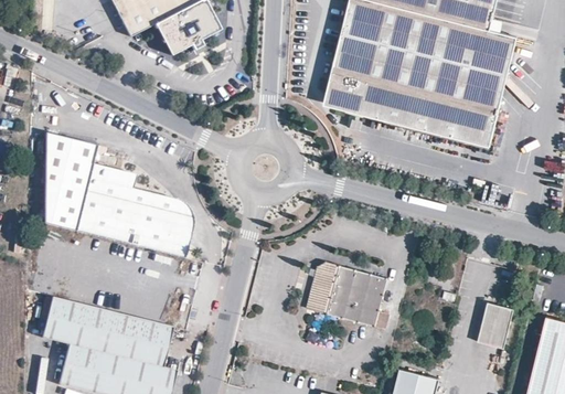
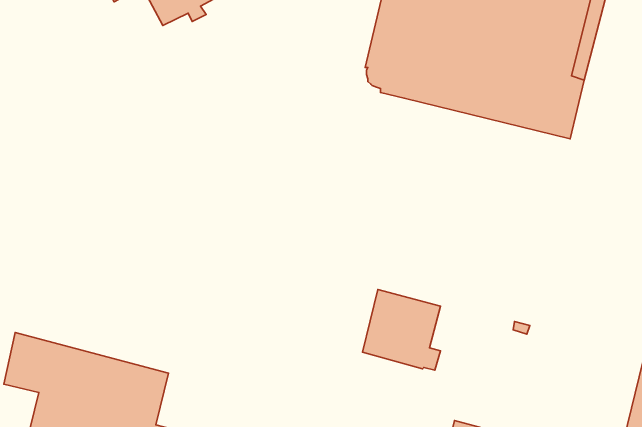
building: [44,135,191,257] -> none
building: [307,259,338,312] -> none
building: [478,300,512,347] -> none

